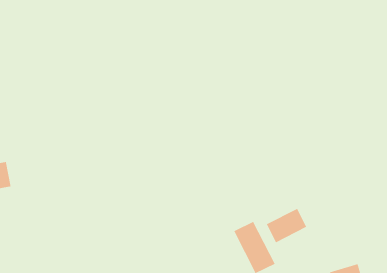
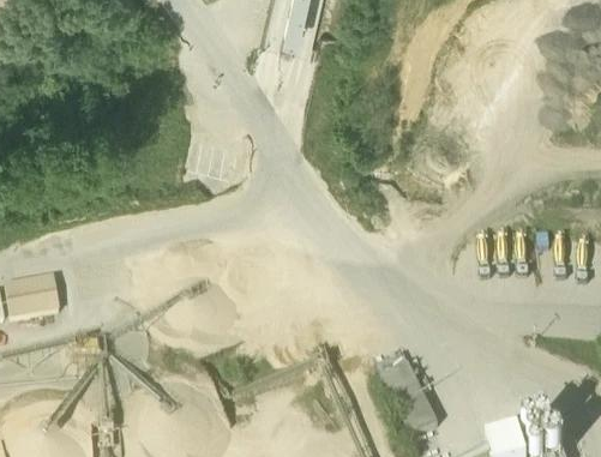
building: [266,208,307,243] -> none

